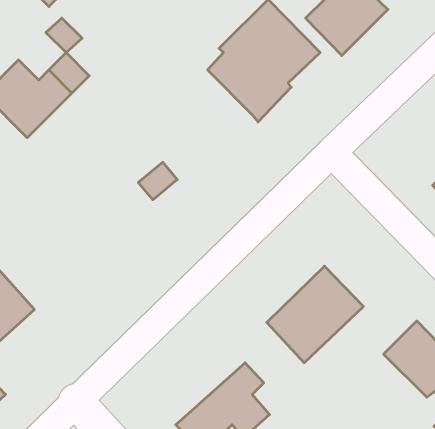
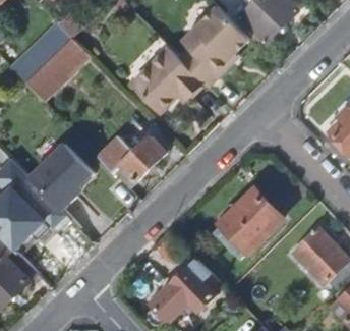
building: none -> [134,48,203,113]
building: none -> [100,134,169,188]
building: none -> [32,145,95,211]

